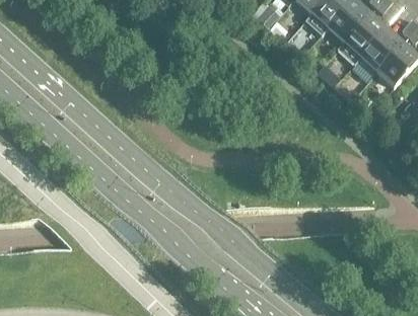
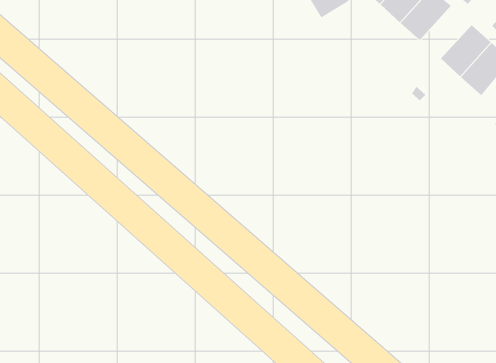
building: [344,12,386,55] -> none

